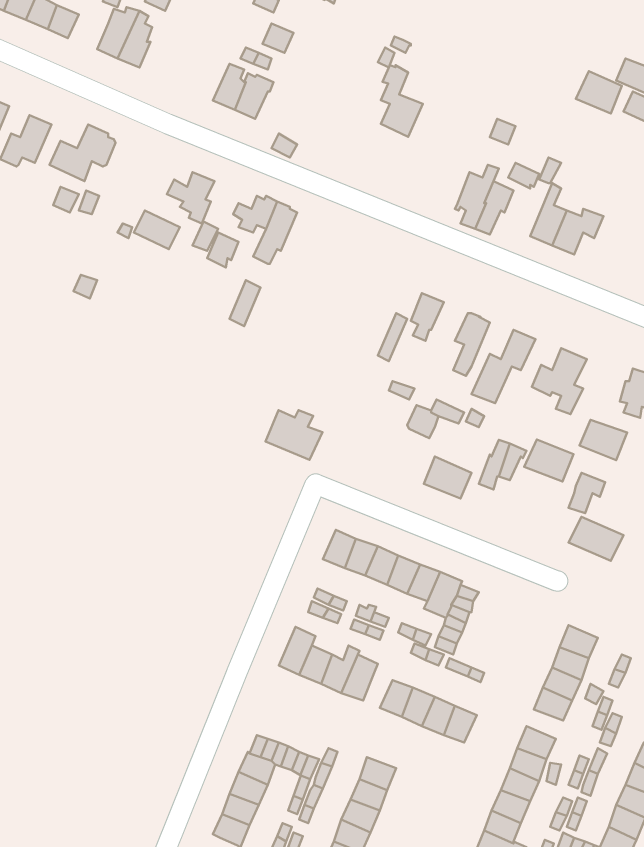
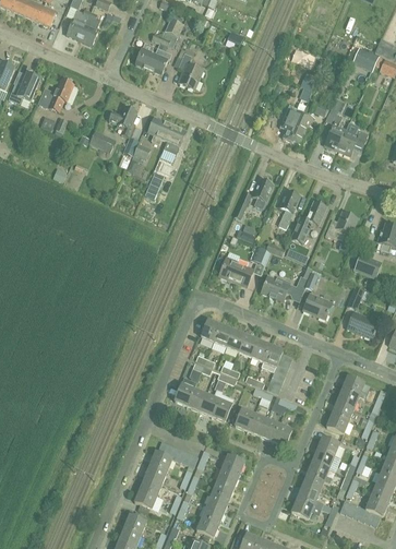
building: [381,65,423,137] -> [178,46,203,88]
building: [266,410,322,460] -> [219,256,253,286]
building: [524,439,574,482] -> [302,293,332,318]

